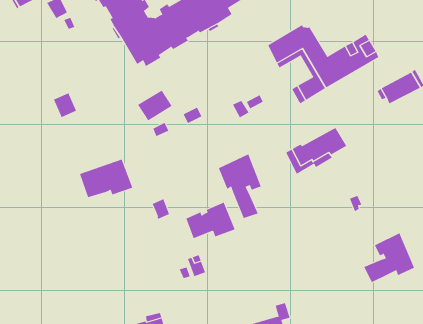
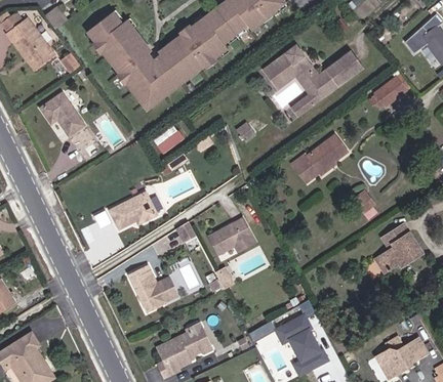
building: none -> [41,92,84,134]
building: [218,153,262,219] -> none
building: none -> [125,263,176,311]

